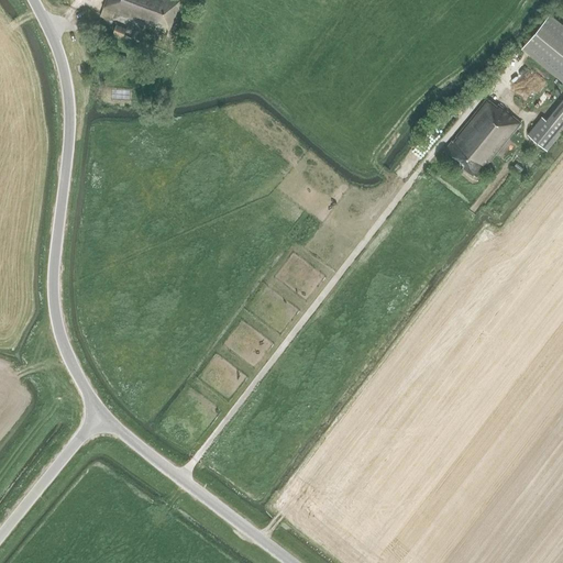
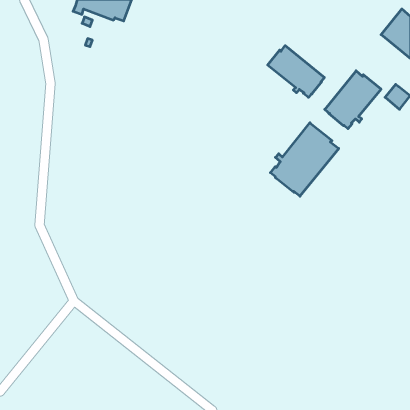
building: none -> [268,46,324,97]
building: none -> [270,123,339,196]

